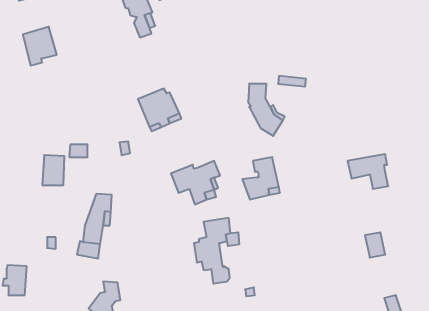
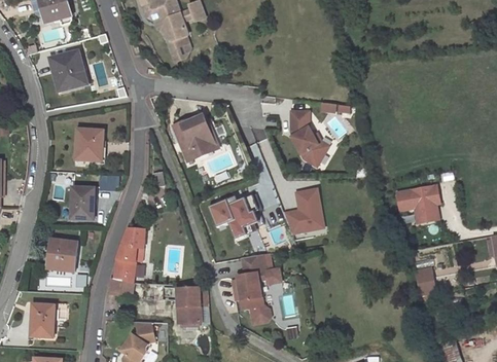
building: none -> [75,129,102,160]
building: none -> [47,239,77,270]
building: none -> [176,287,208,322]

